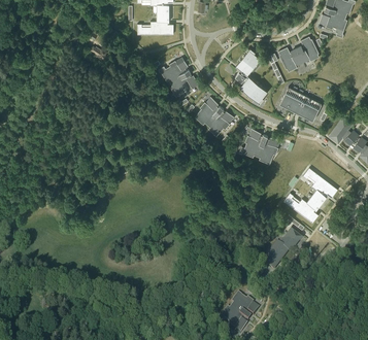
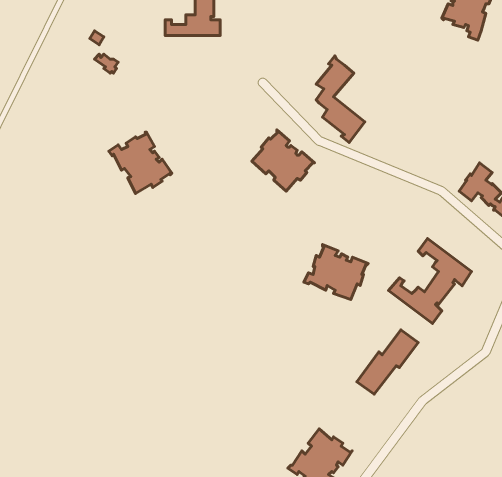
building: [277,36,319,72] -> none
building: [157,57,198,97] -> [109,132,172,194]
building: [278,87,321,121] -> none
building: [238,128,280,164] -> [304,245,368,300]

